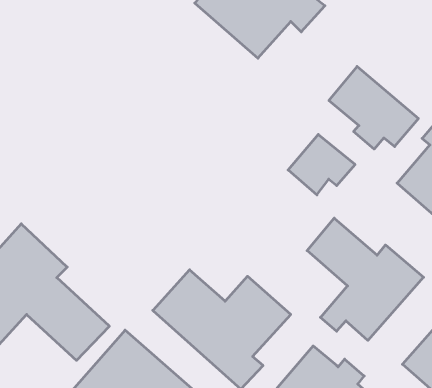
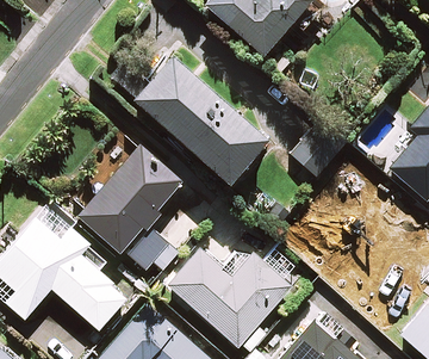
building: none -> [113,57,269,185]
building: [329,66,418,149] -> none
building: none -> [81,146,185,273]
building: [307,218,424,340] -> none

